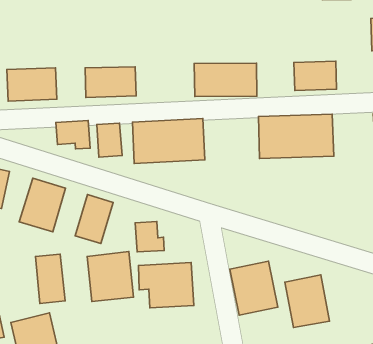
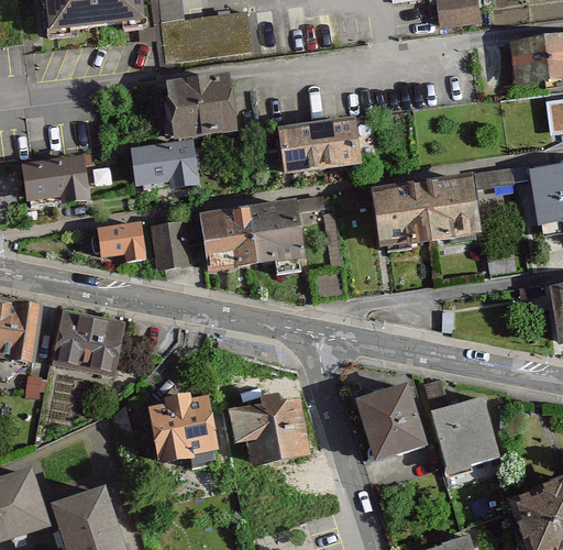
building: none -> [166,68,238,134]
building: [294,61,336,91] -> none
building: [75,195,113,244] -> none
building: [135,222,164,252] -> none
building: [36,254,65,304] -> none

